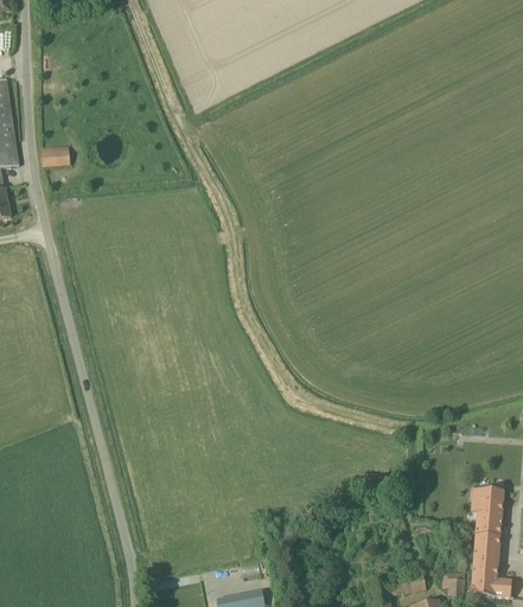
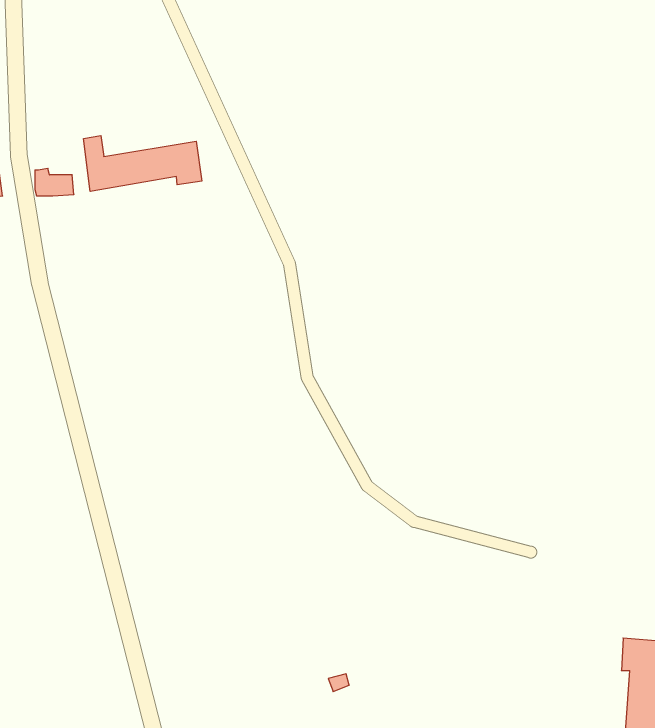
building: none -> [84,136,202,191]

